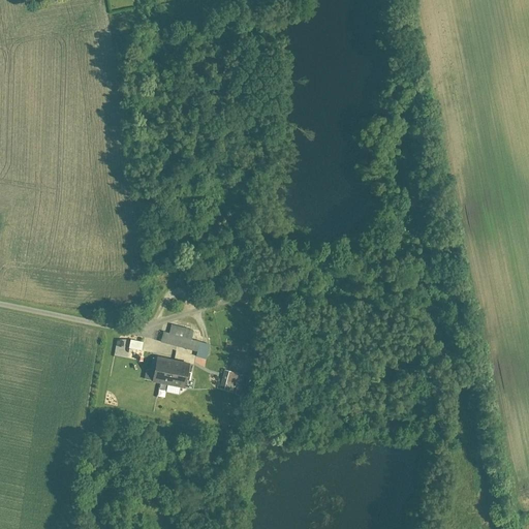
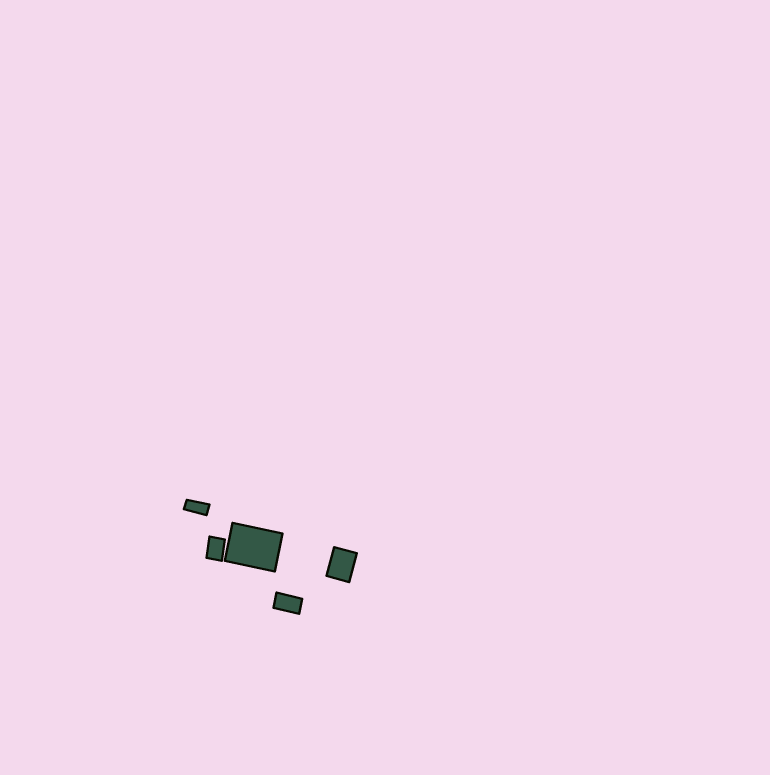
building: [158,323,195,350] -> none

